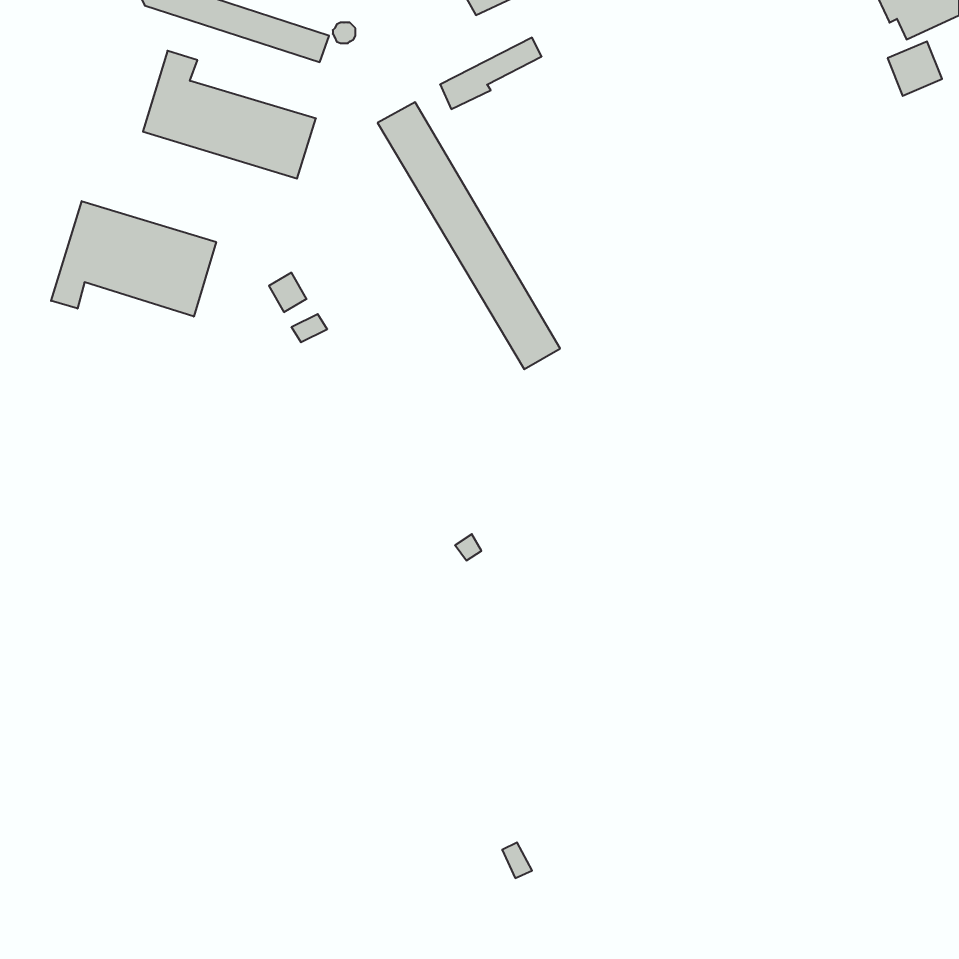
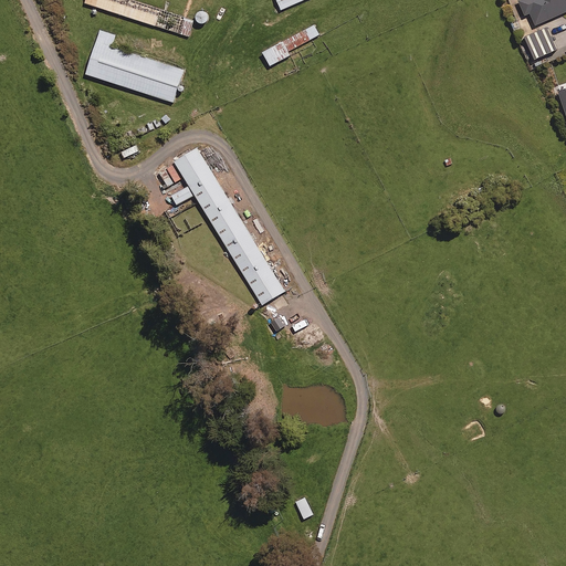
building: [378,102,560,369] -> [175,146,282,303]
building: [51,201,216,317] -> none

